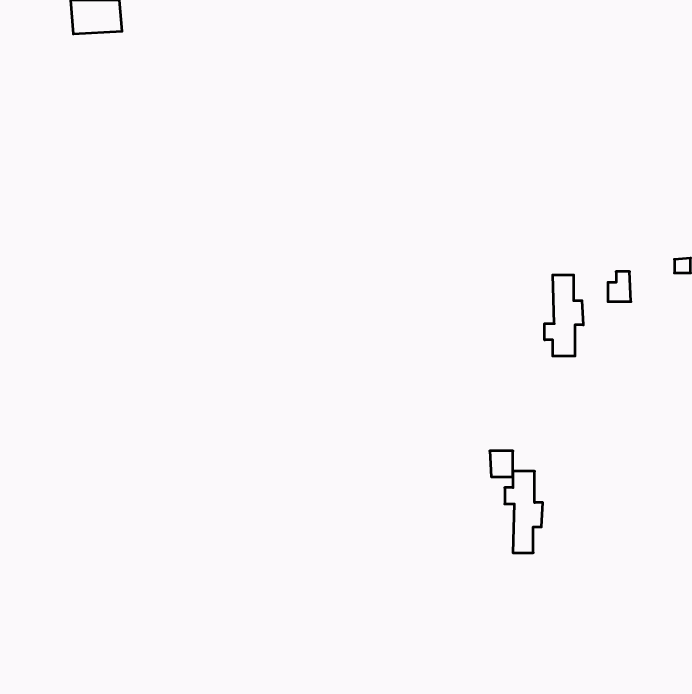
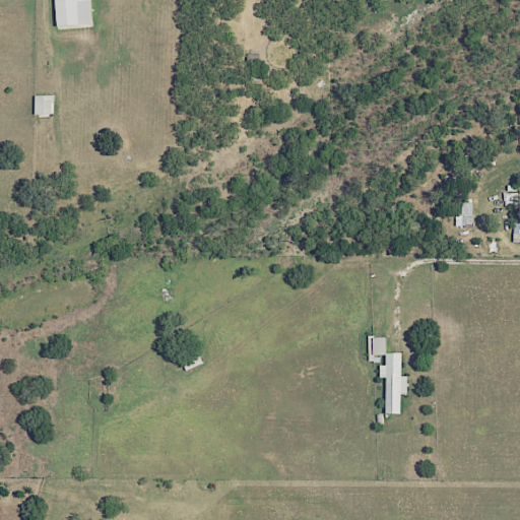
building: none -> [35,95,54,115]
building: [545,275,583,356] -> none

